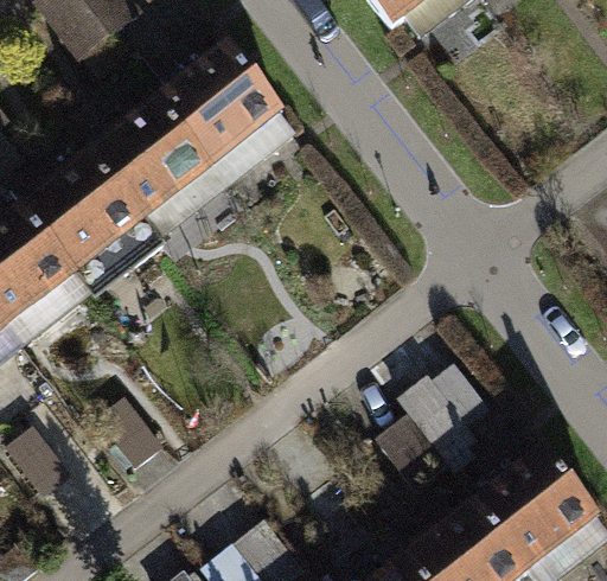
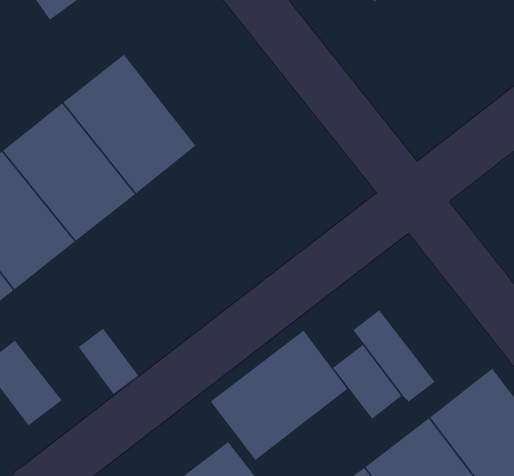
building: [149,43,296,197] -> none
building: none -> [210,330,348,461]

